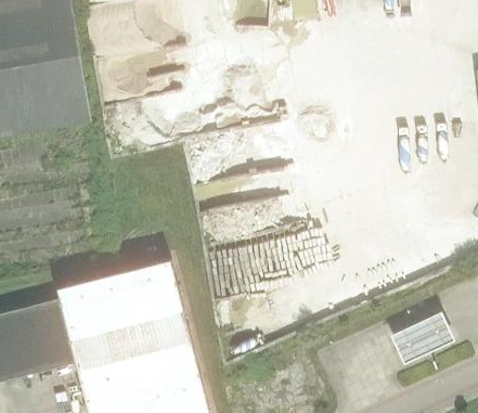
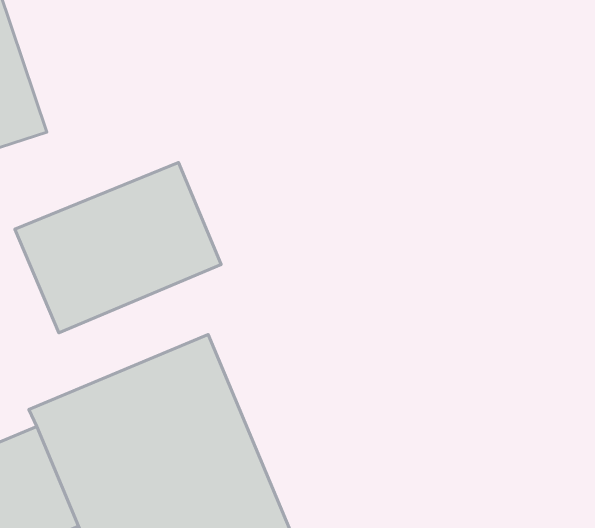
building: none -> [15,162,221,333]

